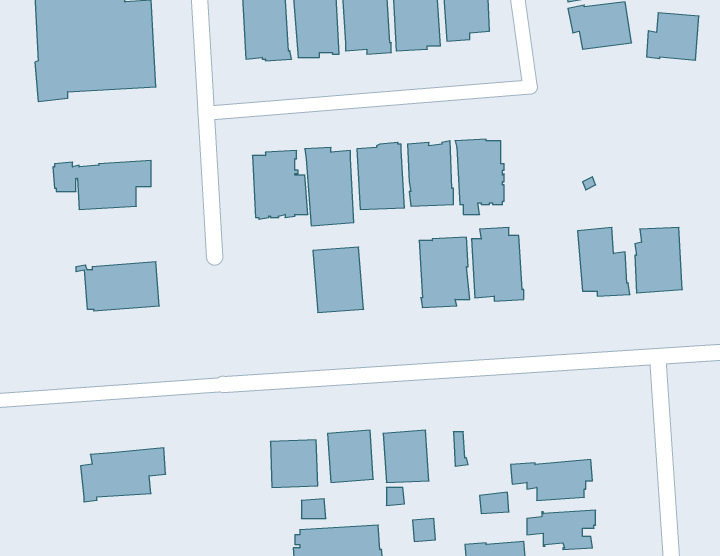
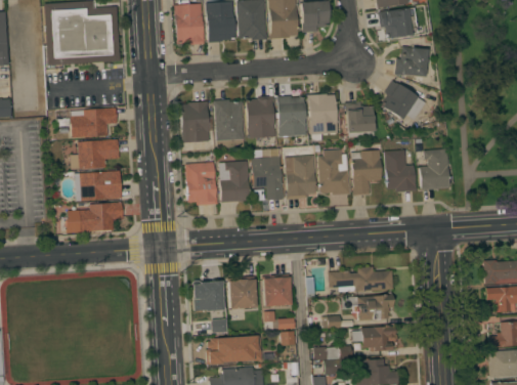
building: [647,13,699,60] -> [395,46,428,76]
building: none -> [381,80,426,119]
building: none -> [345,101,375,137]
building: none -> [71,138,119,169]
building: none -> [351,149,382,195]
building: none -> [251,156,283,200]
building: none -> [184,162,217,205]
building: none -> [328,266,393,291]
building: [81,448,166,502] -> [70,201,123,234]

